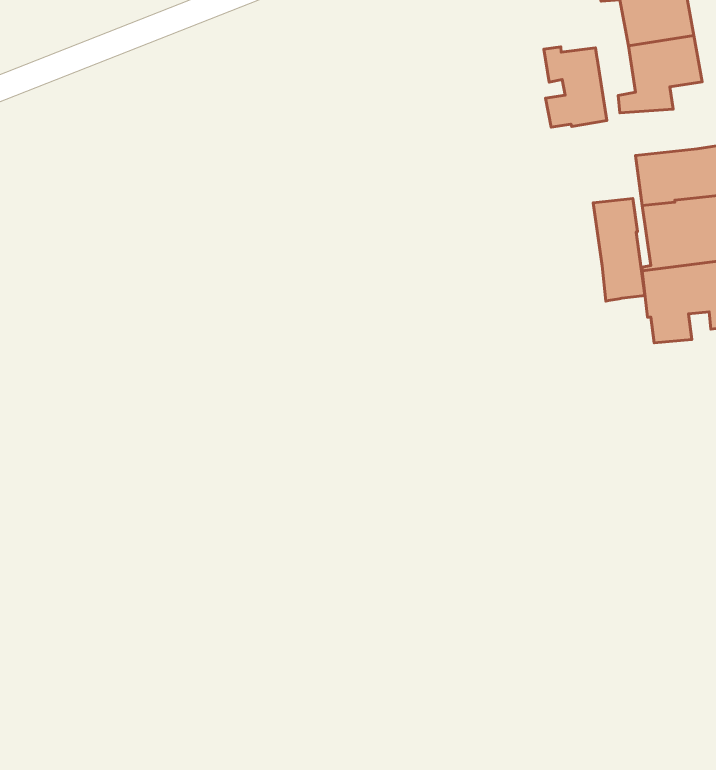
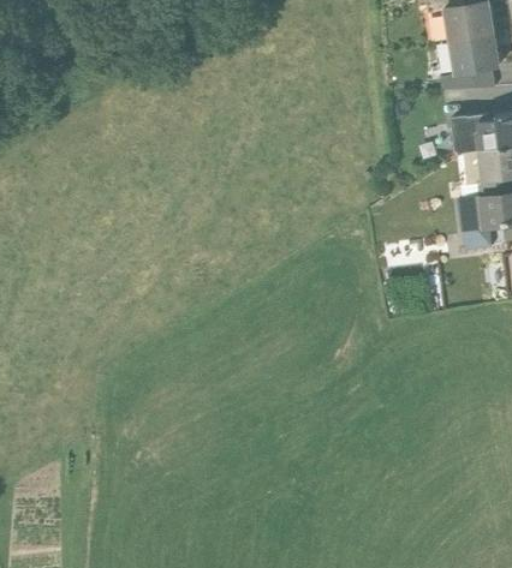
building: [544,47,607,127] -> none
building: [593,198,645,301] -> none

